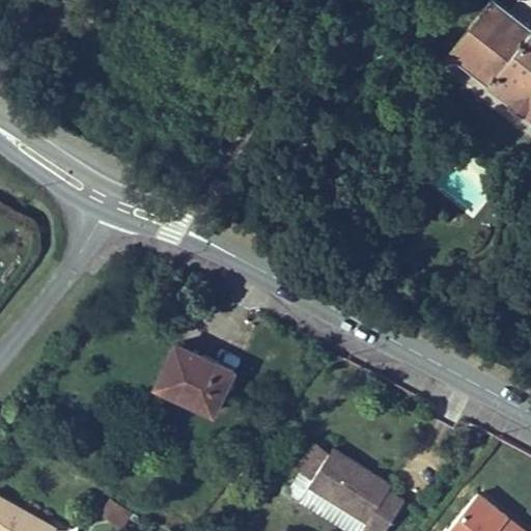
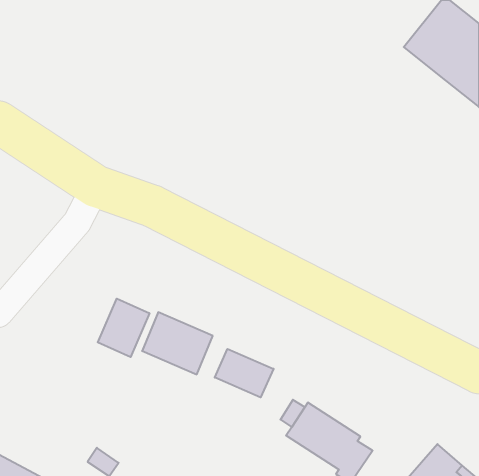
building: none -> [98,299,149,357]
building: none -> [215,349,274,397]

